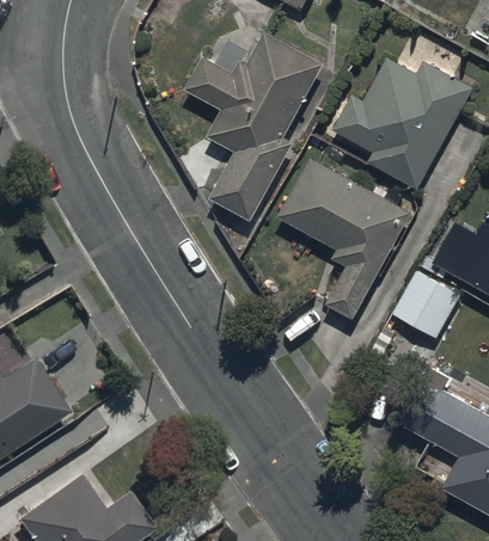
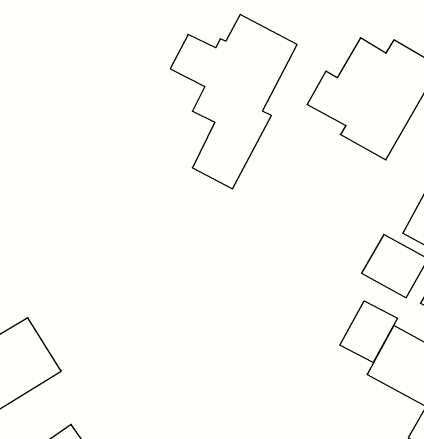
building: [279,158,412,320] -> none
building: none -> [340,301,397,363]

